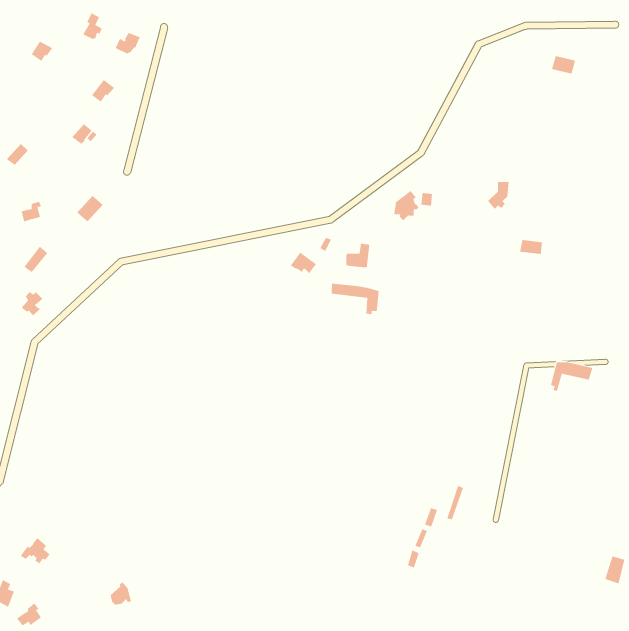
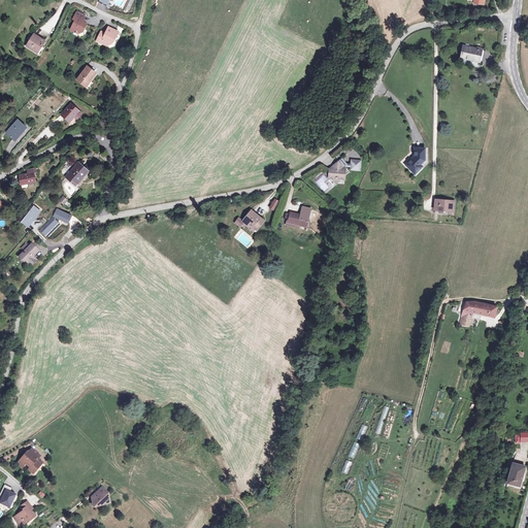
building: none -> [38,208,71,238]
building: [331,283,379,315] -> none

